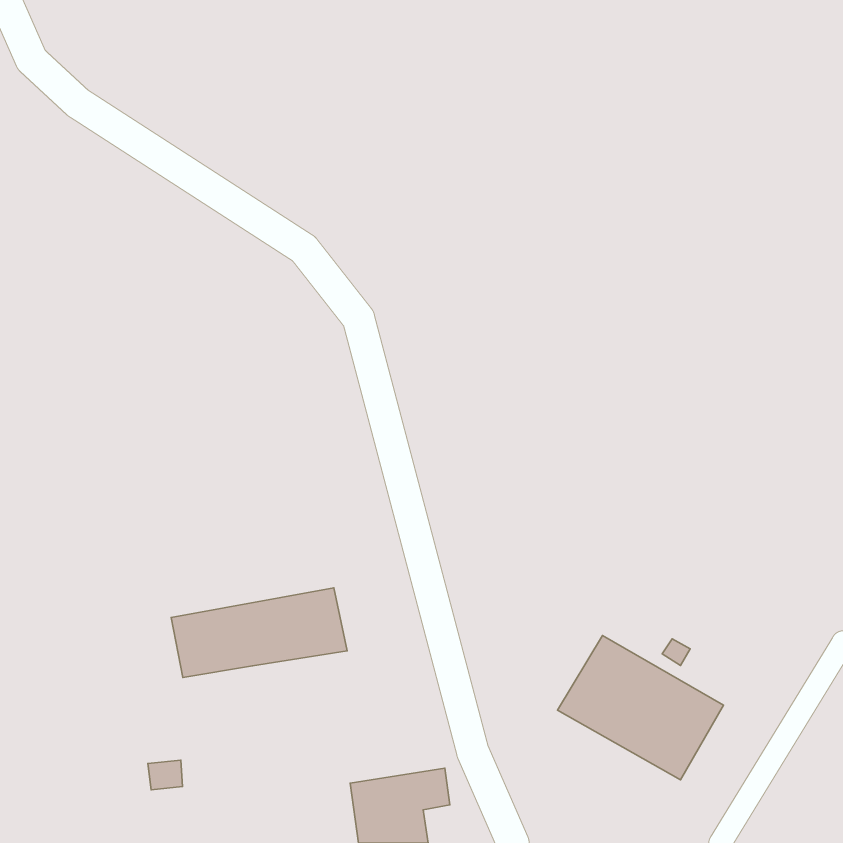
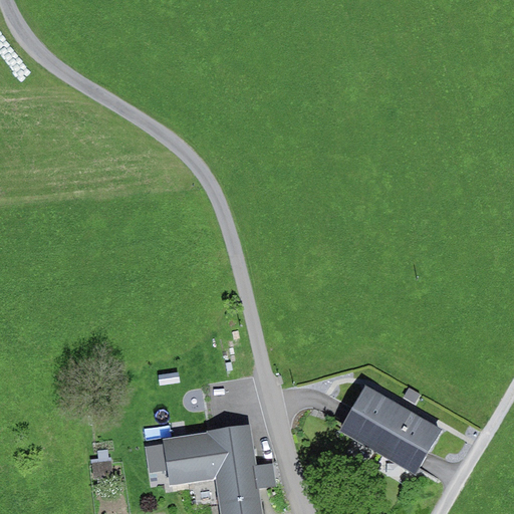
building: [171,588,347,677] -> [163,427,269,481]

